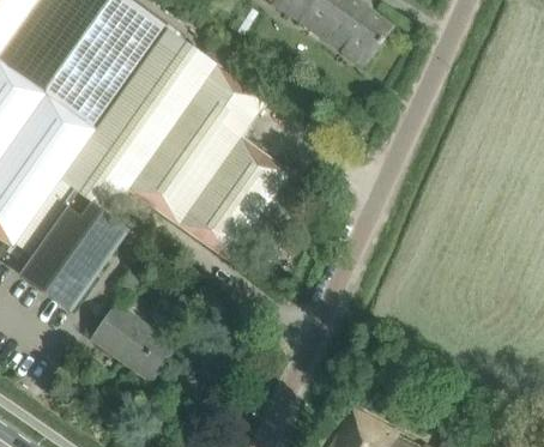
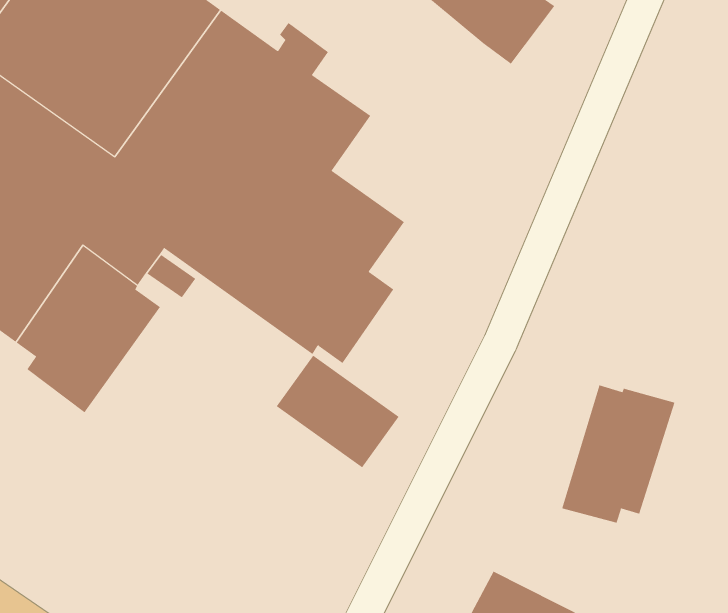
building: none -> [561,384,675,524]
building: [90,303,174,380] -> [276,355,400,468]

